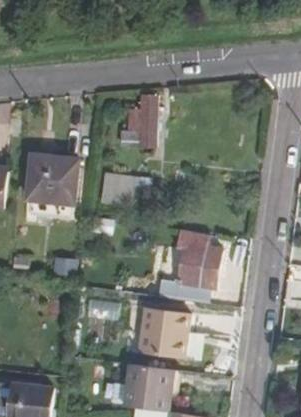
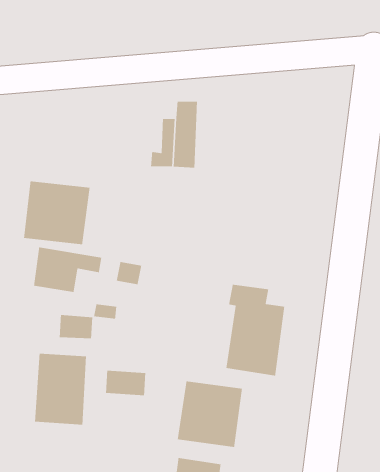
building: [100,170,152,205] -> [33,247,102,293]
building: none -> [34,353,87,425]

